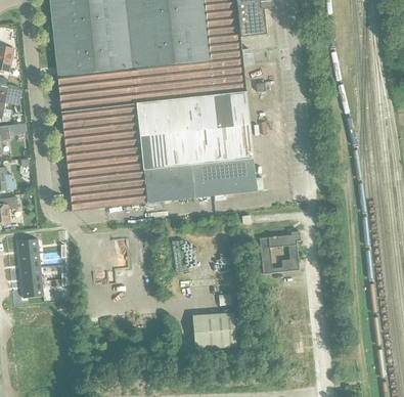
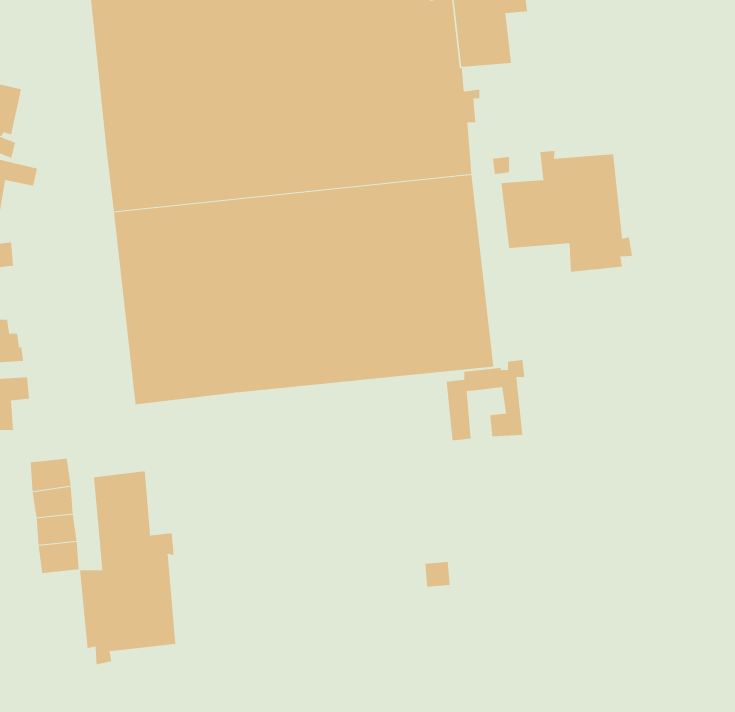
building: none -> [501,150,633,273]
building: [259,231,300,273] -> [446,360,525,441]
building: none -> [79,471,176,665]
building: [192,312,235,349] -> none

